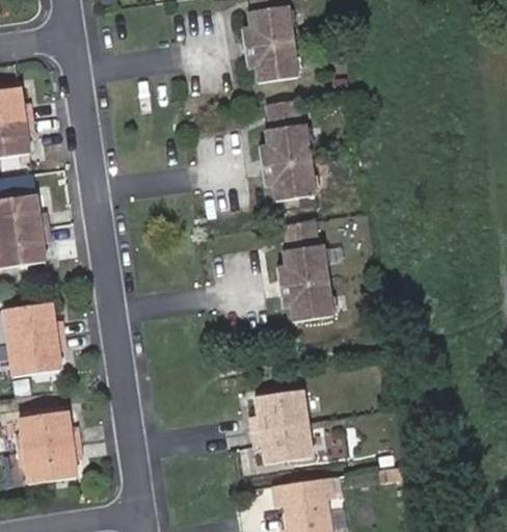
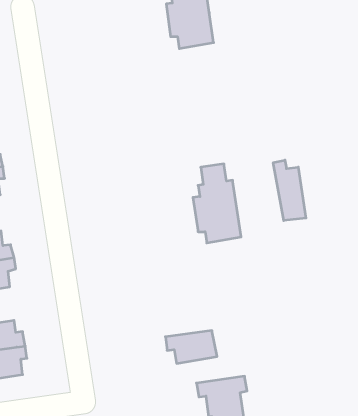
building: [261,101,317,198] -> none
building: none -> [273,160,306,221]
building: [240,391,299,431] -> none

